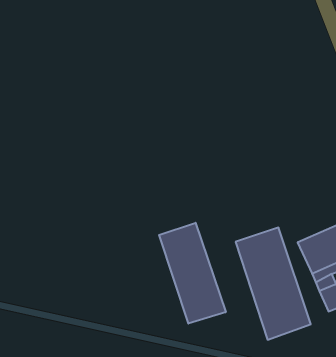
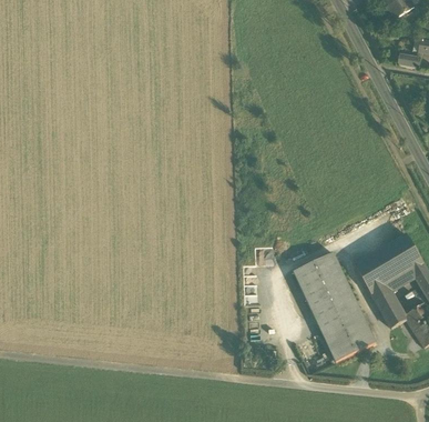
building: [159,223,226,324] -> none

